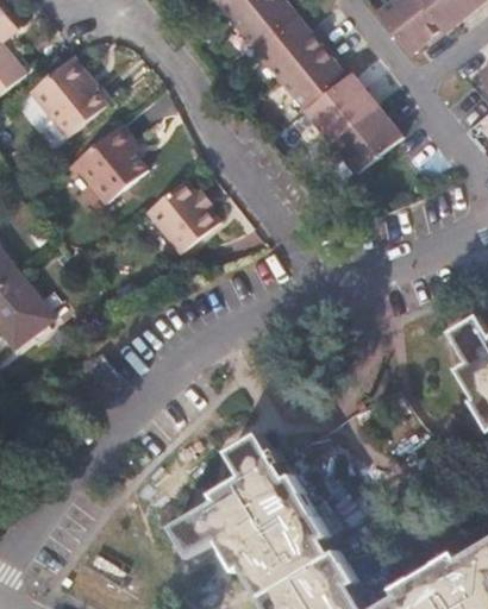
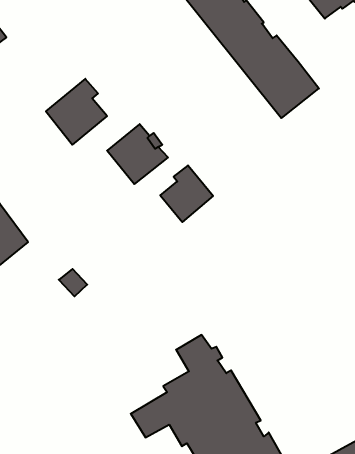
building: [29,63,105,143] -> none
building: none -> [160,165,213,222]

